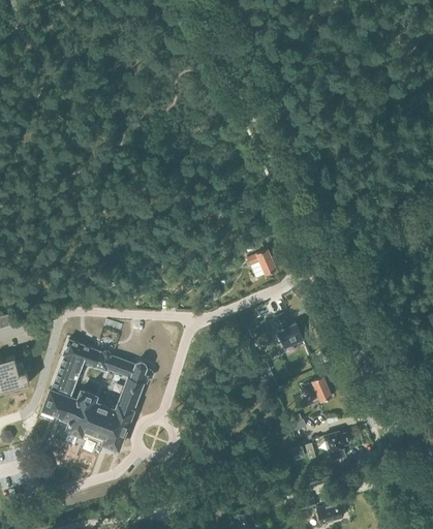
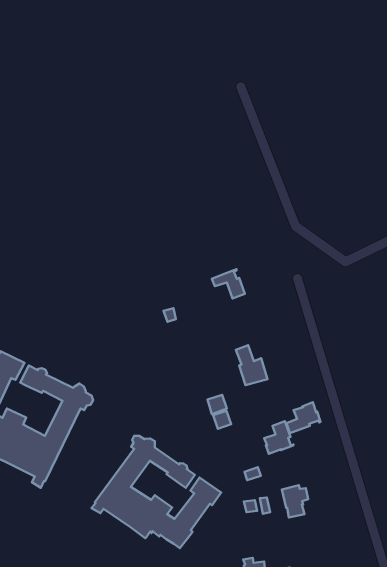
building: none -> [287,402,320,433]
building: none -> [92,436,221,548]

